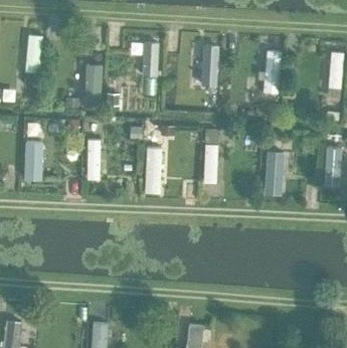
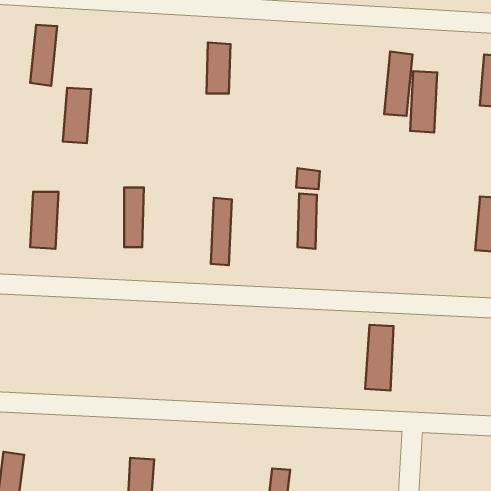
building: [201,46,219,88] -> [410,71,437,132]
building: [83,63,103,101] -> [63,88,91,143]
building: [265,152,284,196] -> [365,325,393,390]

